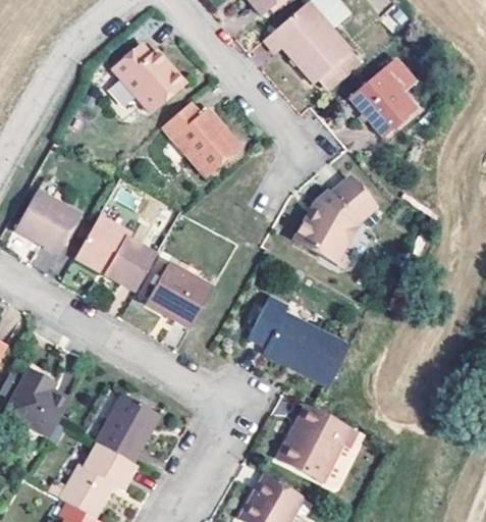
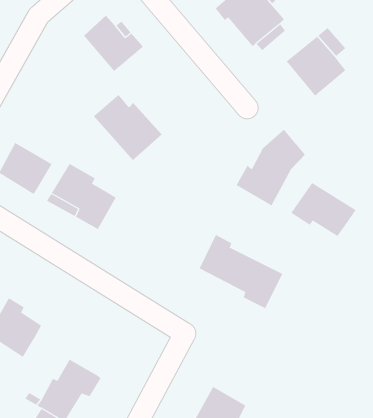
building: [163,99,244,176] -> [93,94,163,161]
building: none -> [291,182,356,237]
building: [145,264,211,328] -> none
building: [93,393,160,463] -> none
building: [282,407,359,483] -> none

